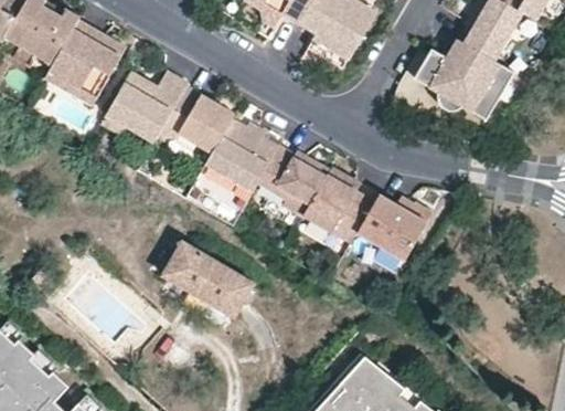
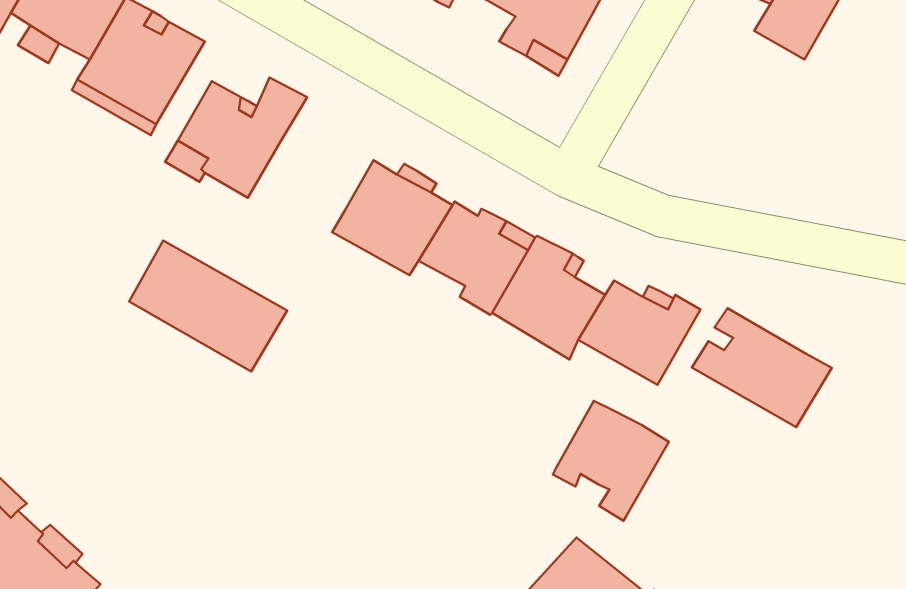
building: [416,39,515,119] -> none
building: [173,88,234,152] -> none
building: none -> [692,308,832,427]
building: [157,235,254,316] -> [129,240,287,372]
building: none -> [553,401,669,521]

